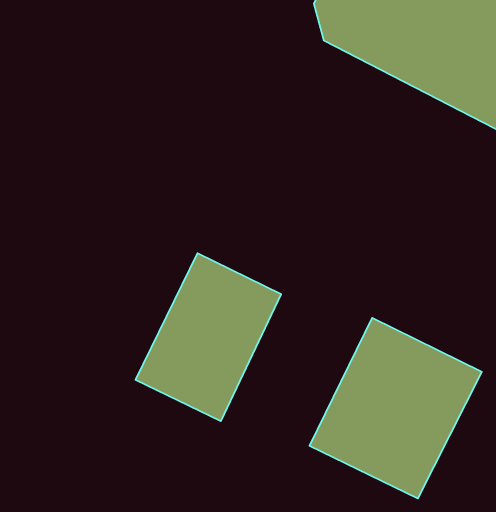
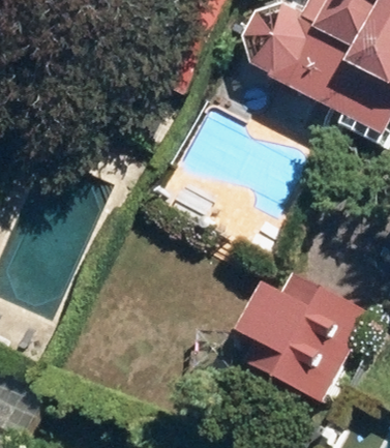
building: [136,253,281,421] -> none

